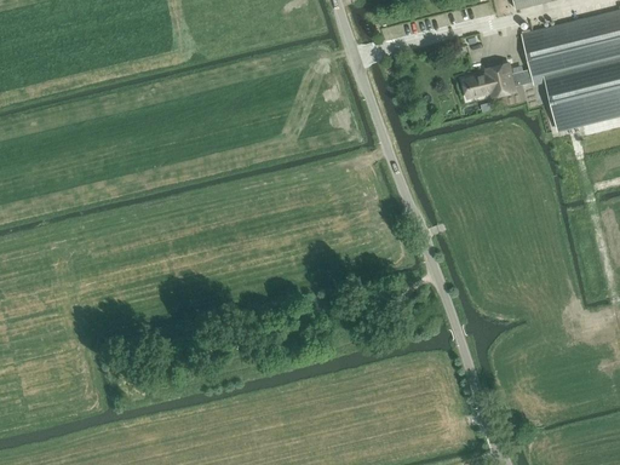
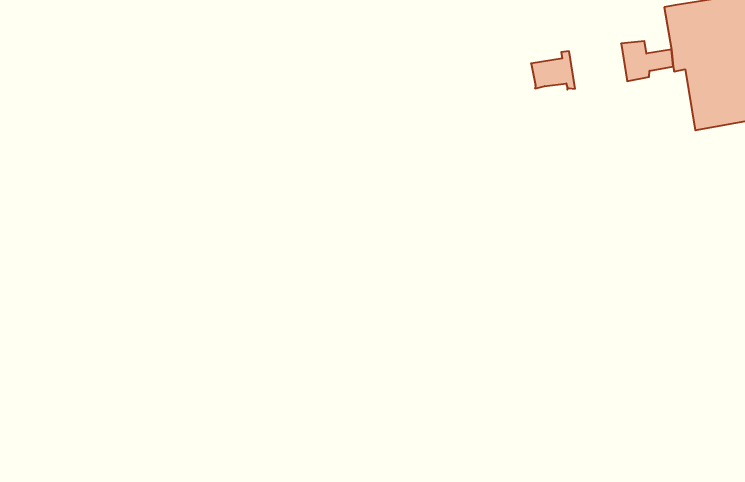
building: [463,68,499,99] -> [531,51,575,90]

